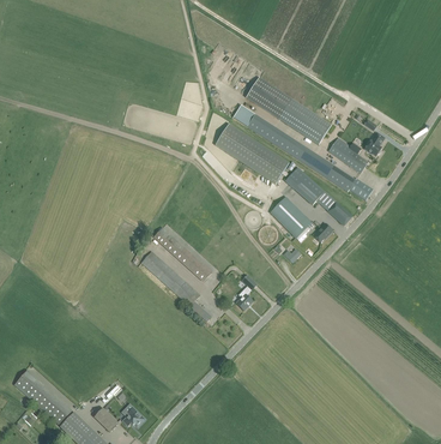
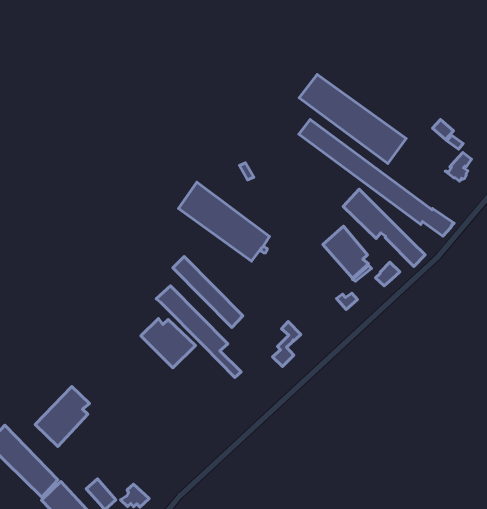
building: [215,122,288,182] -> [179,182,269,261]
building: [327,137,368,173] -> none
building: none -> [141,318,196,368]
building: none -> [35,386,90,447]

